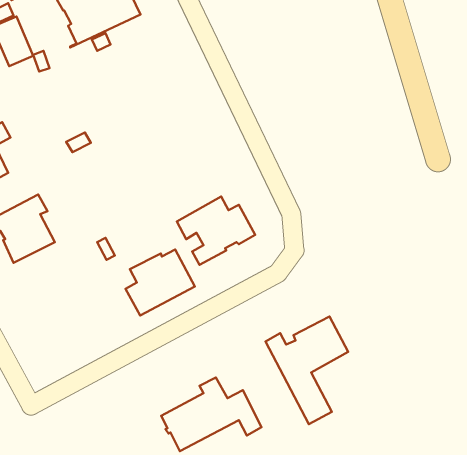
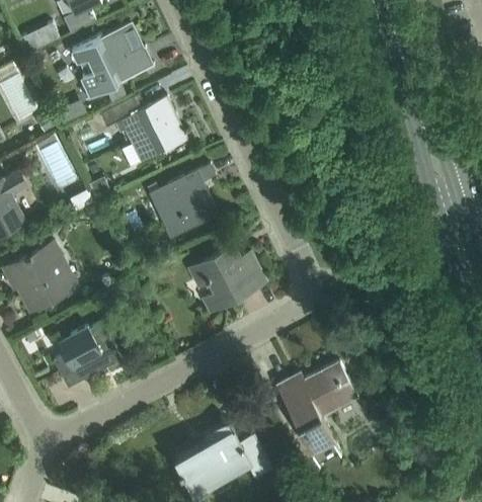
building: none -> [99,95,188,162]
building: none -> [149,165,217,238]
building: [126,249,195,316] -> [53,323,120,388]

